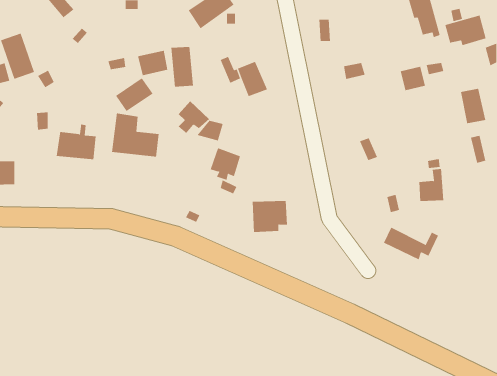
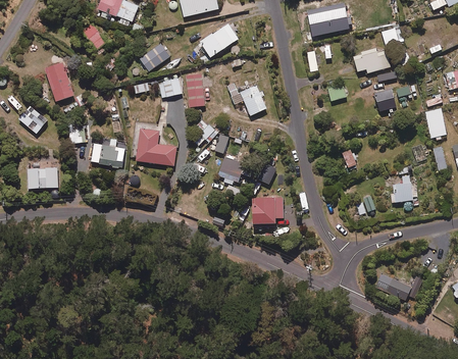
building: [445,15,486,46] -> [354,47,389,72]
building: [115,77,153,112] -> [140,42,171,70]
building: [383,227,439,260] -> [376,272,422,300]

